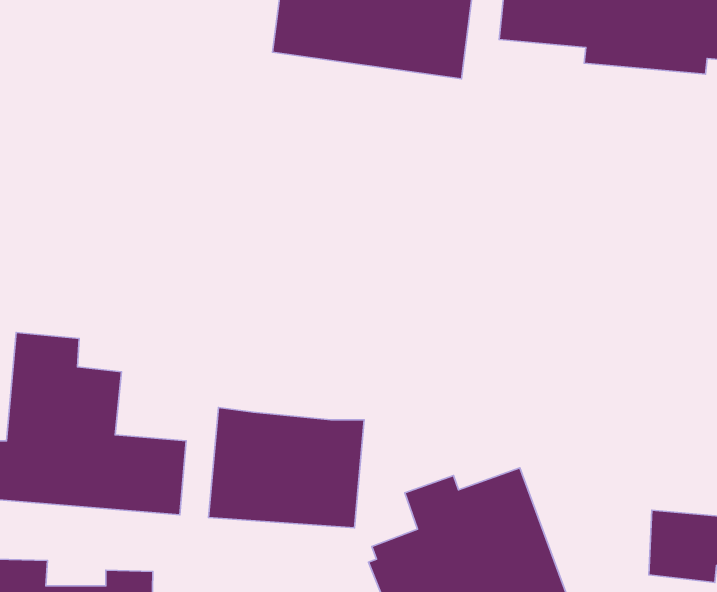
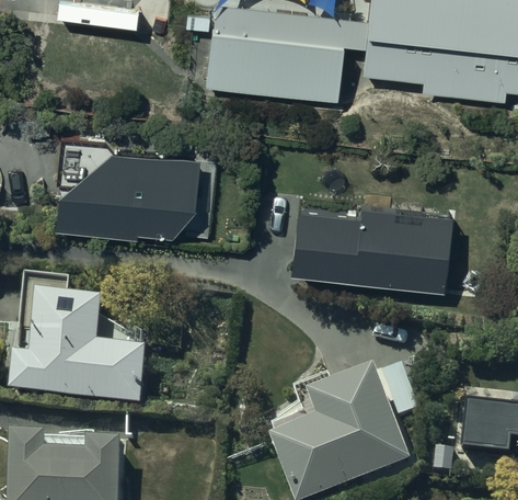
building: none -> [57,136,200,237]
building: none -> [292,203,450,289]
building: [209,407,364,528] -> none

